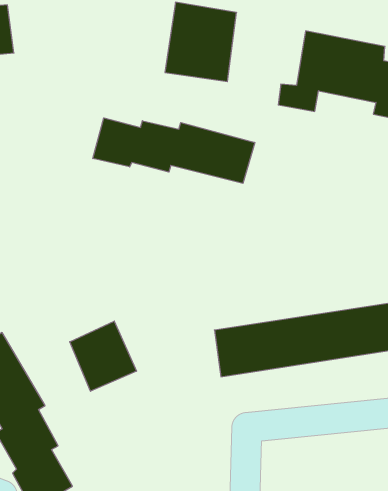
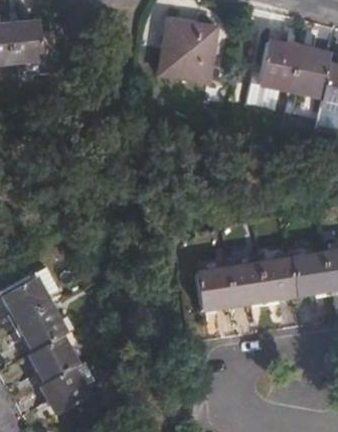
building: [93,118,255,183] -> none
building: [70,321,136,391] -> none

